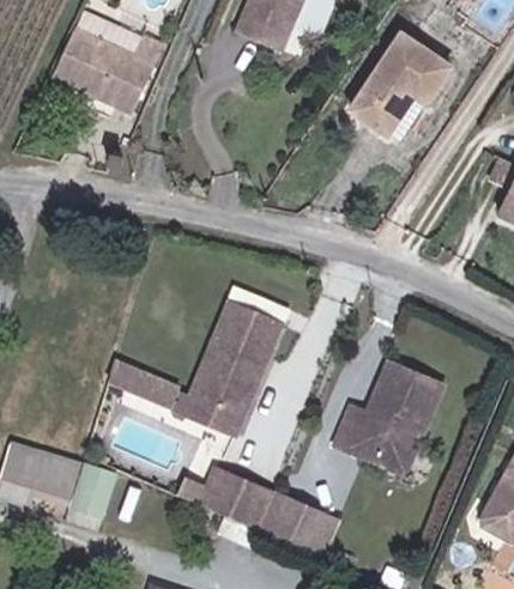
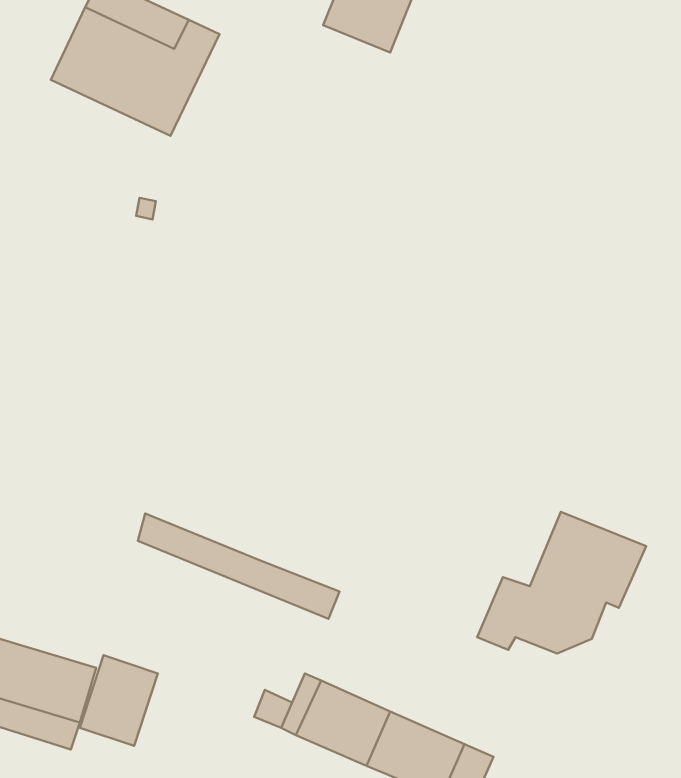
building: [350,35,448,141] -> none
building: [191,304,278,414] -> none
building: [353,421,427,474] -> none

